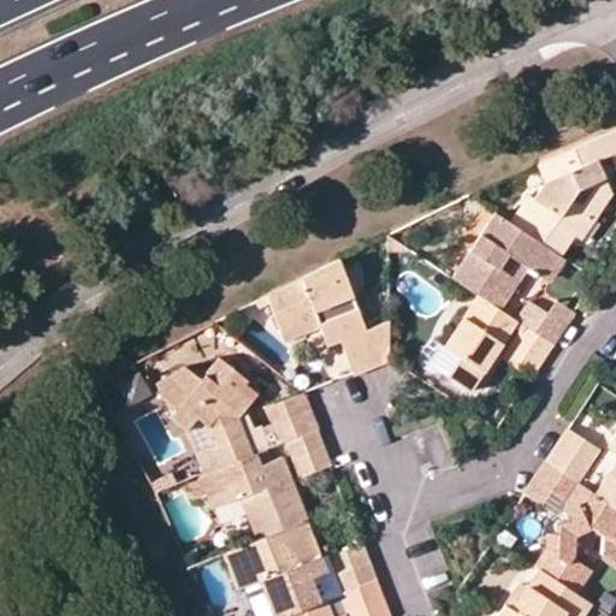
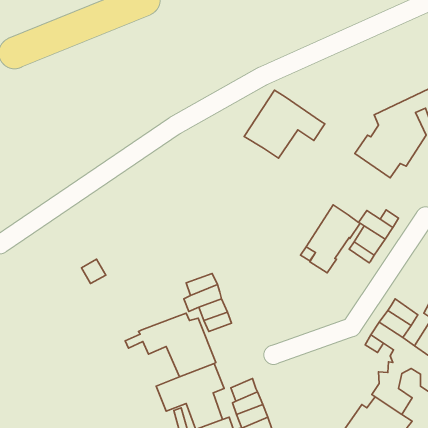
building: [451,212,567,309] -> [244,90,325,158]
building: [268,259,391,373] -> none
building: [158,356,259,474] -> none

